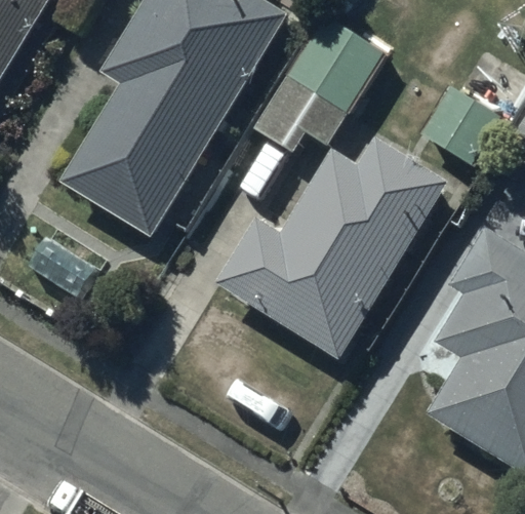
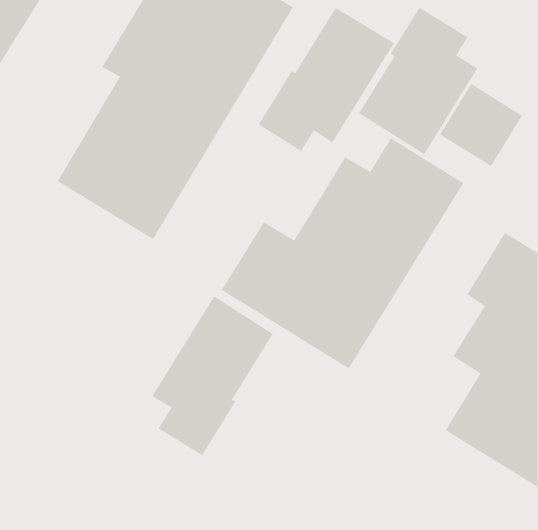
building: none -> [358,7,478,155]
building: none -> [151,295,274,456]

